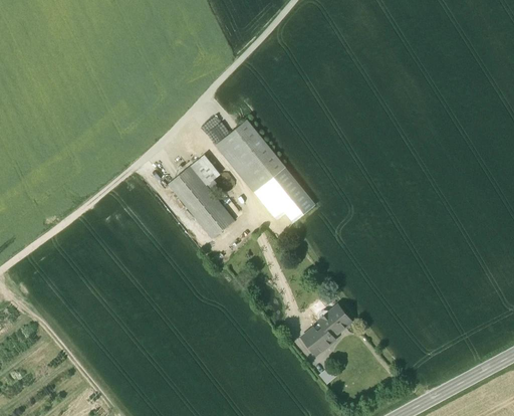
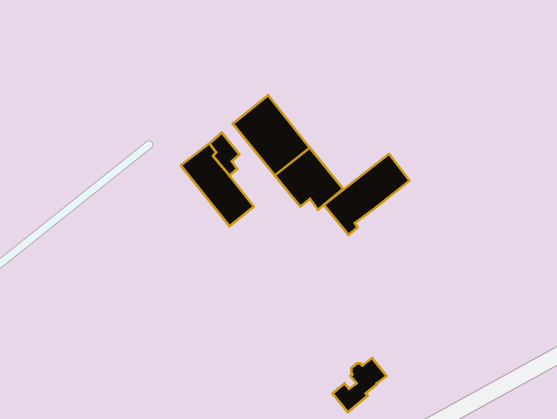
building: none -> [324,154,409,235]
building: [302,305,351,355] -> [333,358,387,412]

